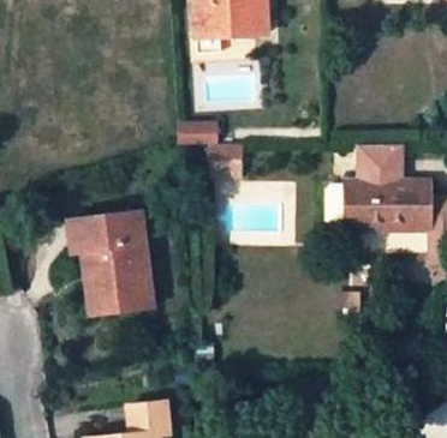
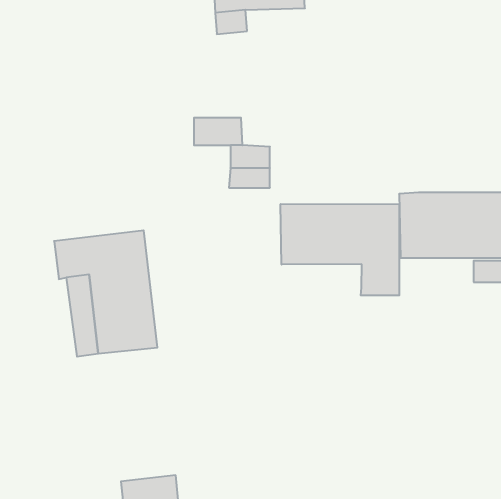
building: [358,143,403,180] -> none
building: none -> [281,204,399,295]

